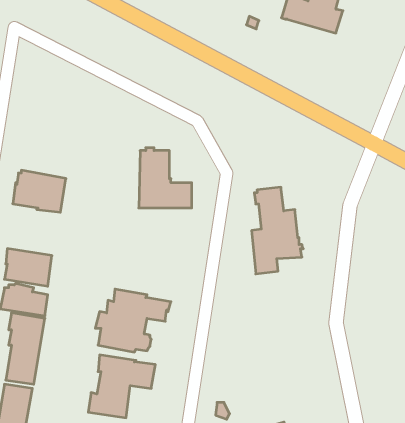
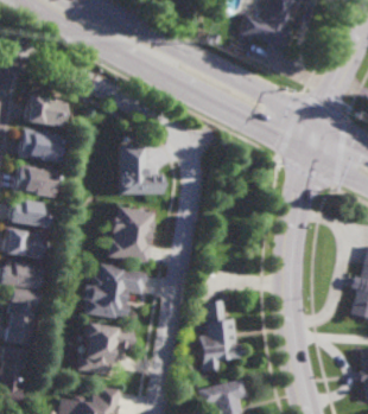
building: none -> [25,96,69,128]
building: none -> [20,129,65,165]
building: [252,187,303,274] -> [199,298,243,371]
building: none -> [11,202,53,230]
building: none -> [109,209,157,266]

